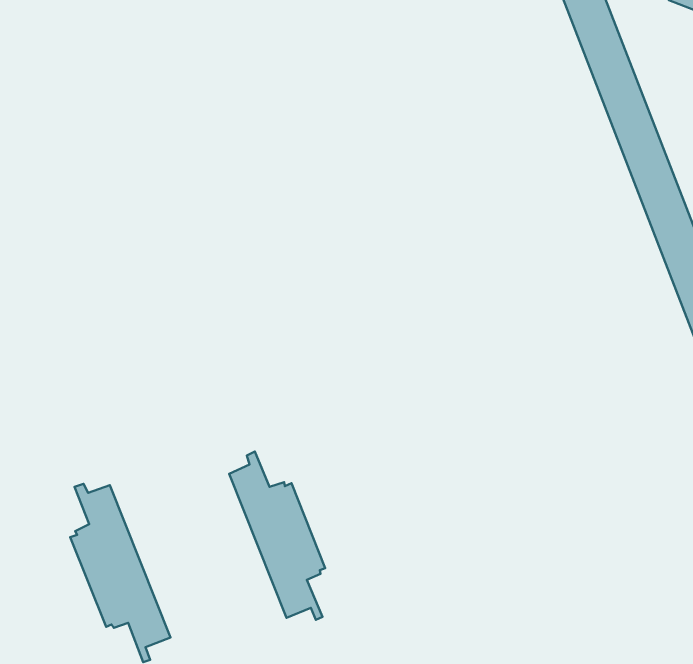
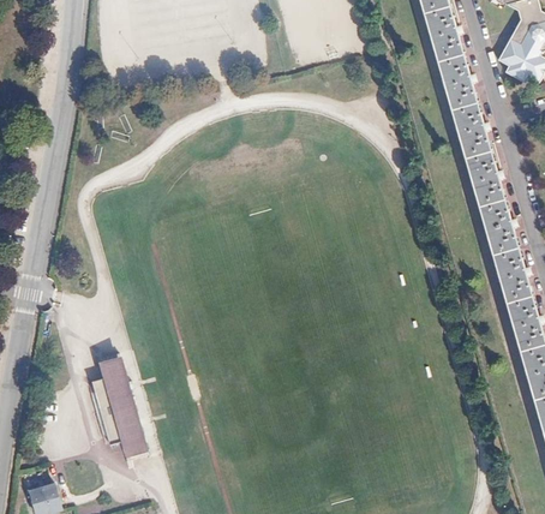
building: [229,451,325,620] -> none

